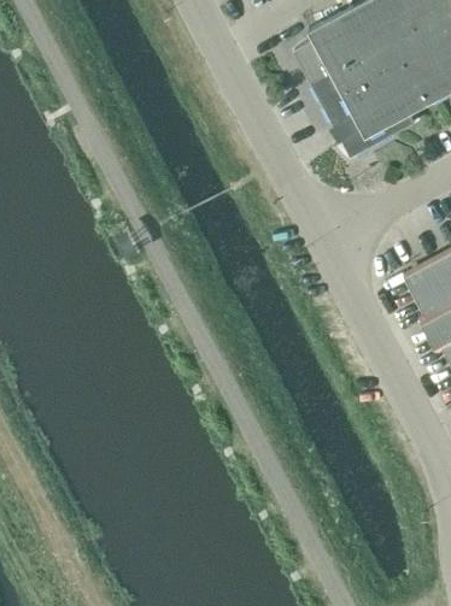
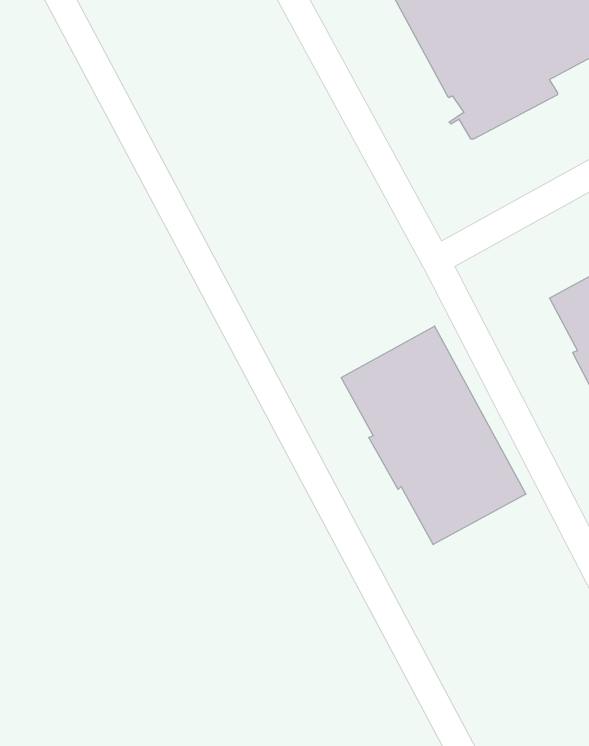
building: none -> [341,326,526,545]

